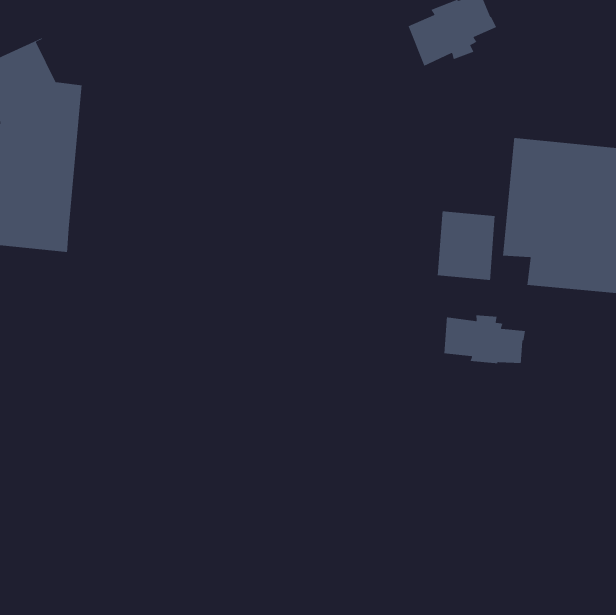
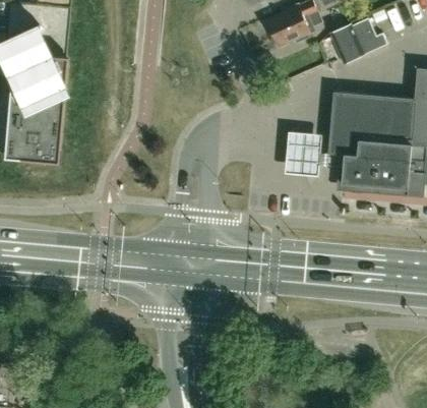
building: none -> [332,19,388,64]
building: [444,315,526,364] -> none

